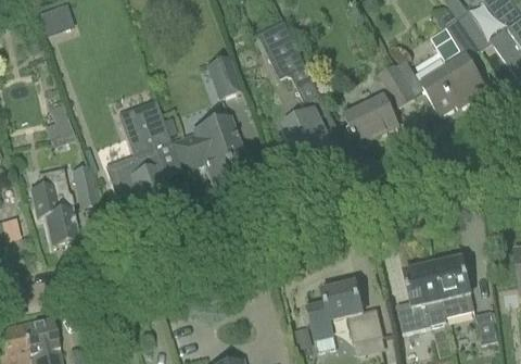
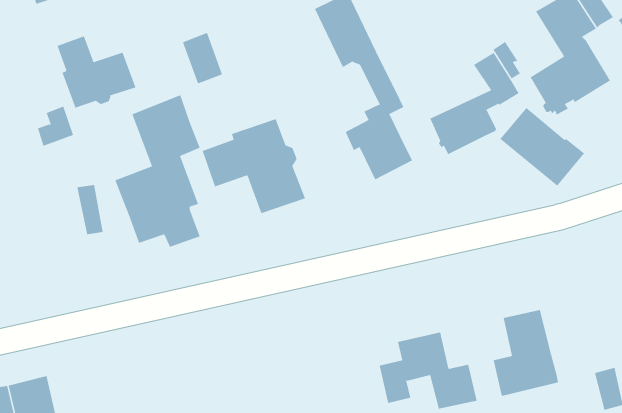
building: none -> [57,35,136,109]
building: [207,55,239,96] -> [182,32,223,84]
building: none -> [499,107,585,186]
building: [28,179,78,246] -> none
building: [432,258,473,315] -> none

